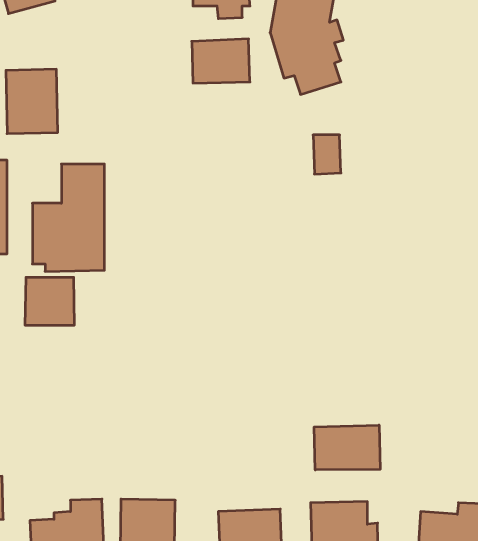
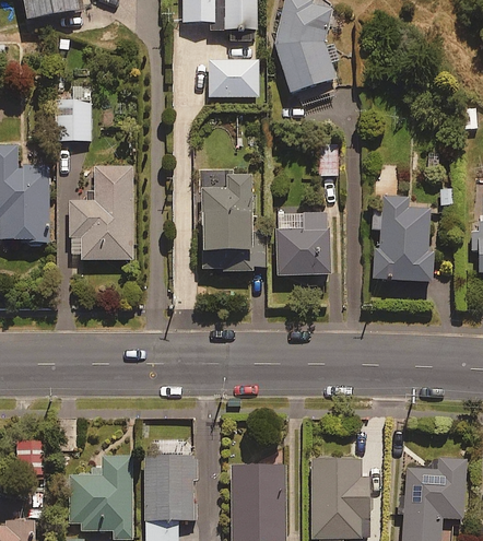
building: none -> [203,172,266,273]
building: none -> [370,193,434,281]
building: none -> [276,211,331,274]
building: [25,277,74,325] -> none
building: [314,425,380,470] -> none

